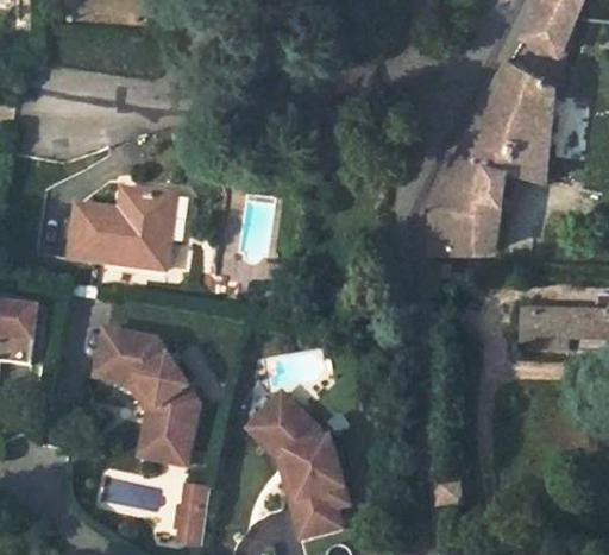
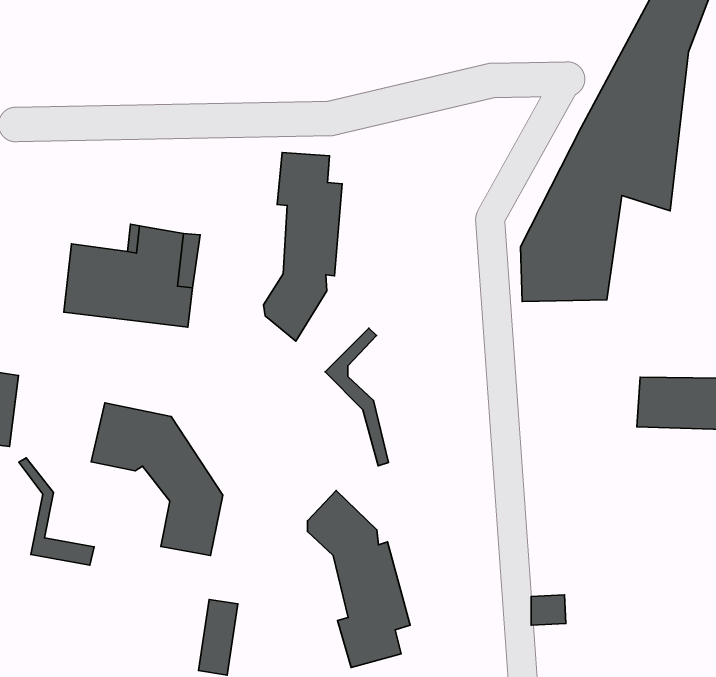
building: none -> [264,153,342,341]
building: [127,378,187,462] -> [19,458,94,565]
building: [245,391,295,499] -> [325,328,389,466]

